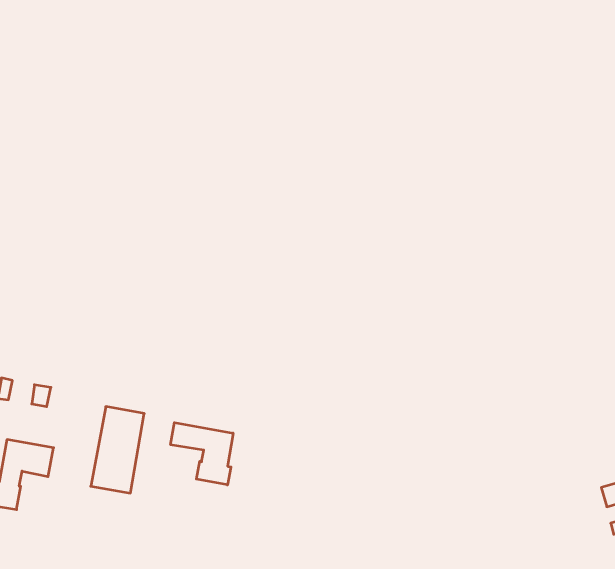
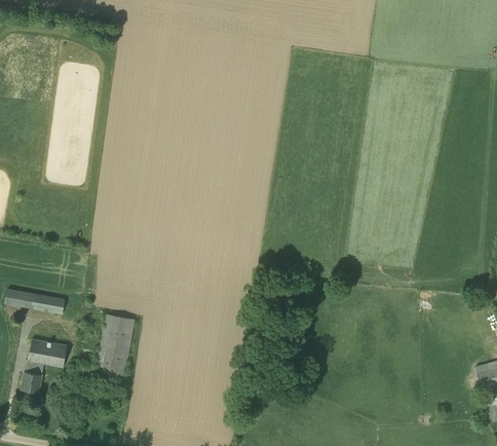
building: [171,423,233,485] -> none

